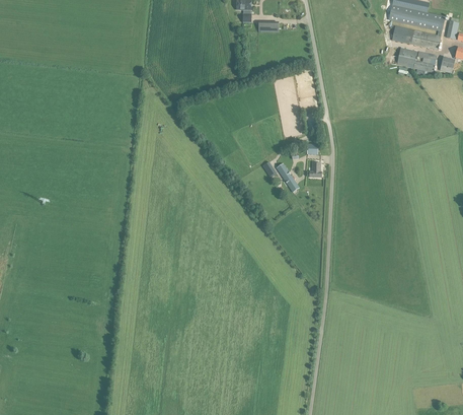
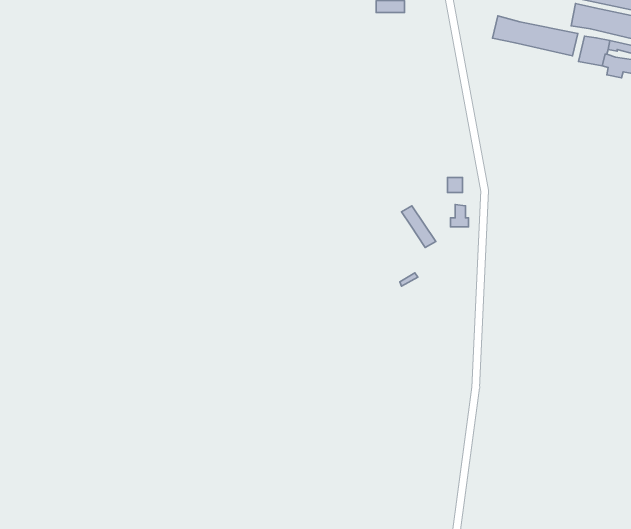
building: none -> [493,16,578,56]

